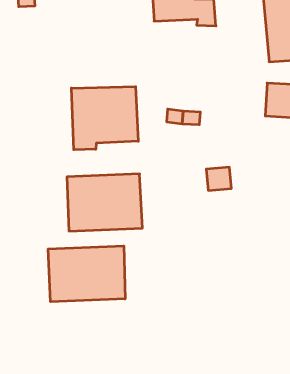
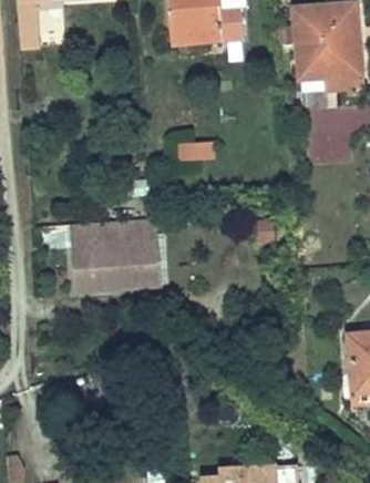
building: [71,87,138,150] -> none
building: [48,246,125,302] -> none

